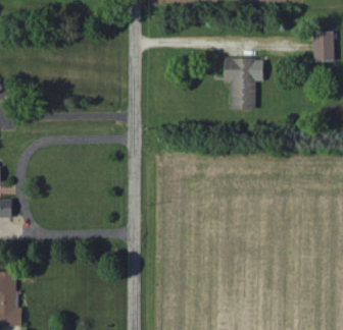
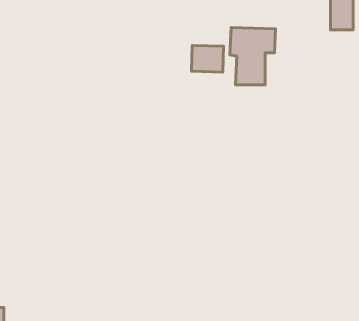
building: none -> [192,45,223,72]

